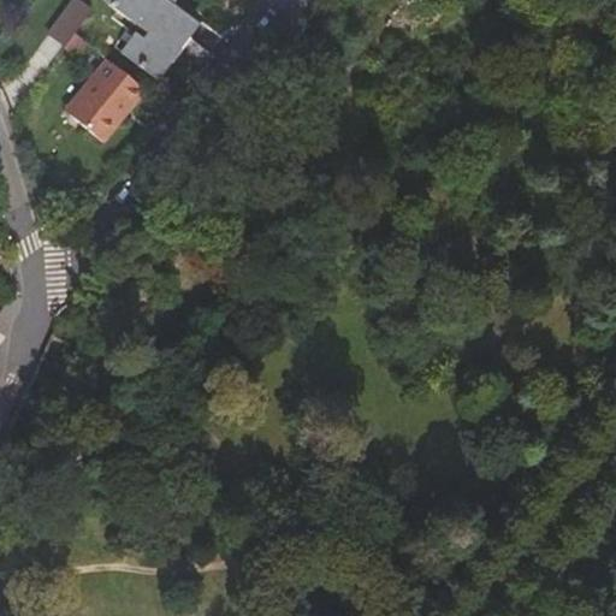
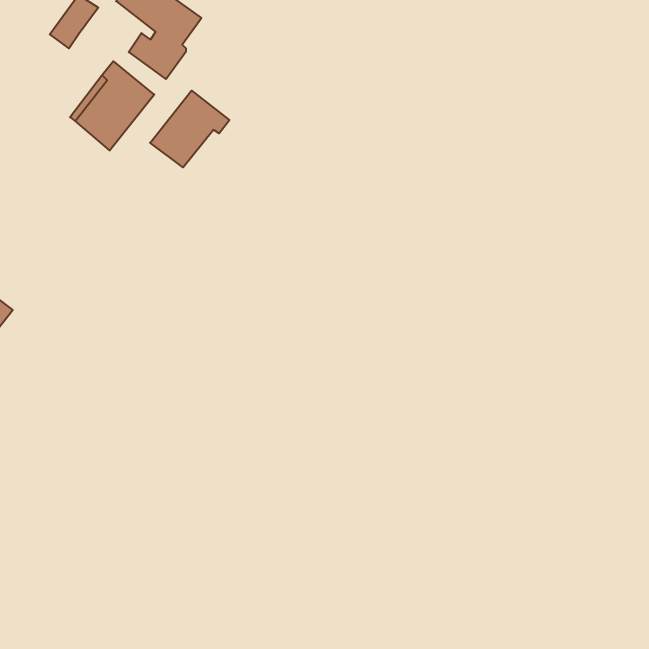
building: none -> [150,91,229,167]

